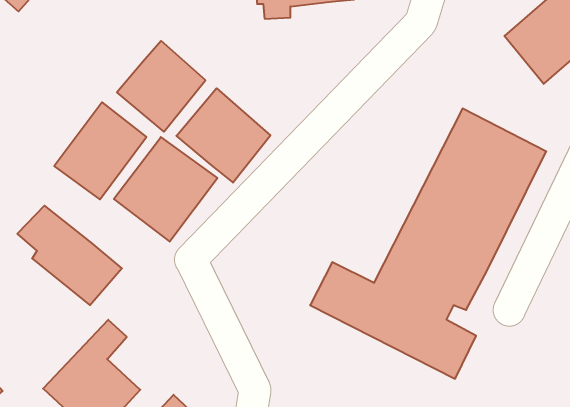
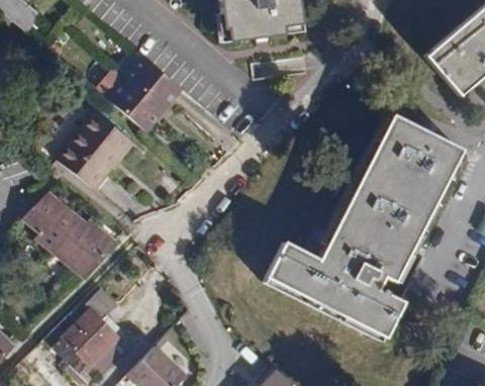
building: [176,88,270,183] -> none
building: [114,137,217,242] -> none

